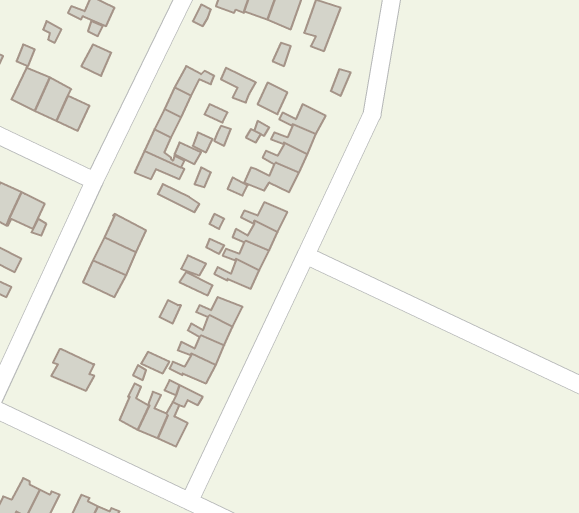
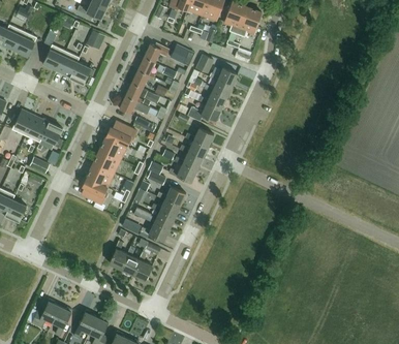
building: none -> [237,7,262,37]
building: none -> [106,121,136,146]
building: [51,349,94,391] -> [81,178,108,204]

